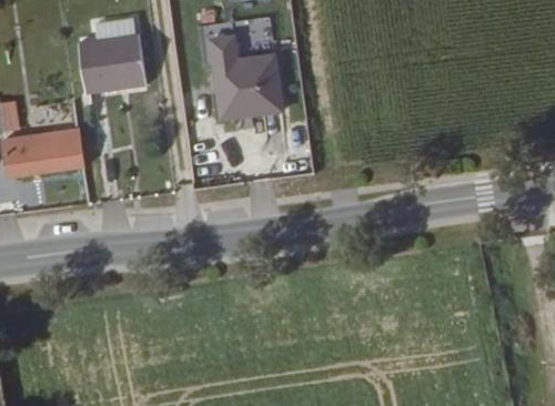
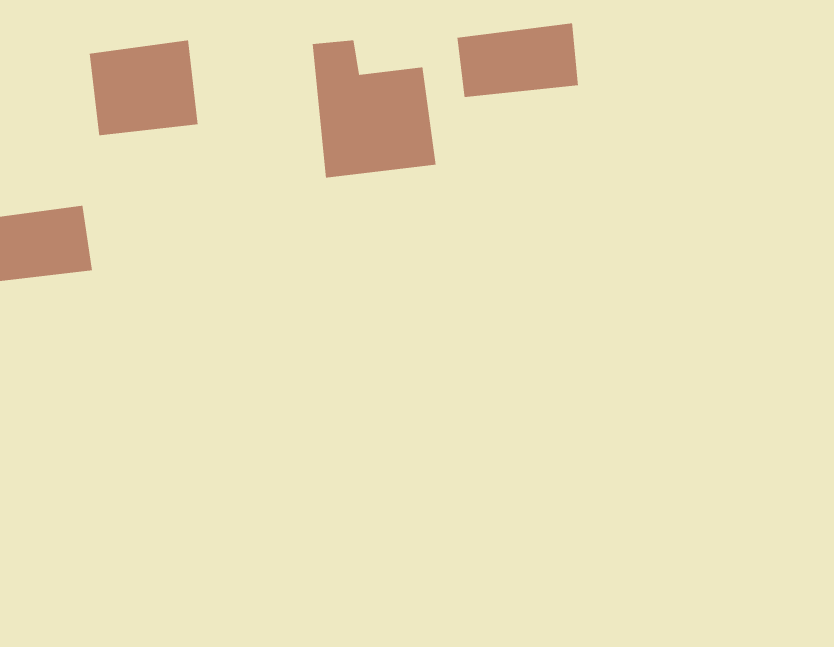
building: none -> [457,23,579,98]

